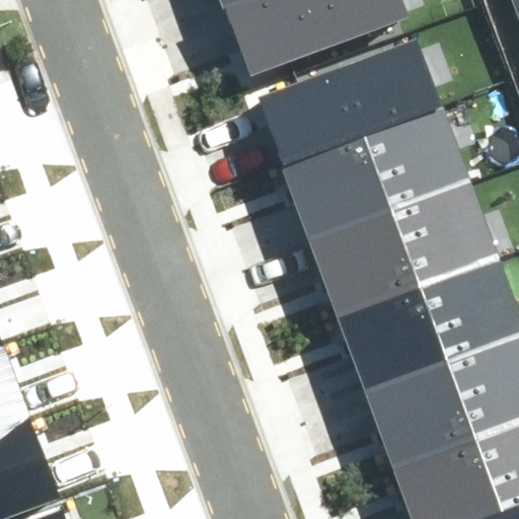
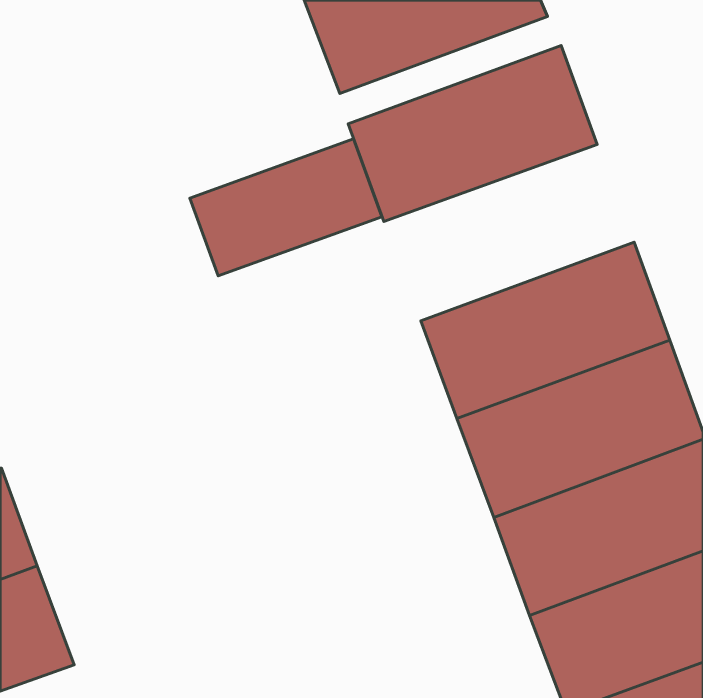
building: none -> [190,139,382,276]
building: [283,110,467,240] -> none

